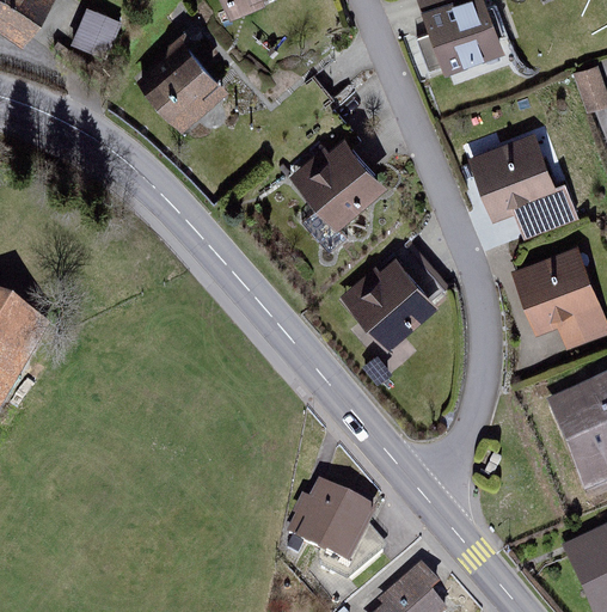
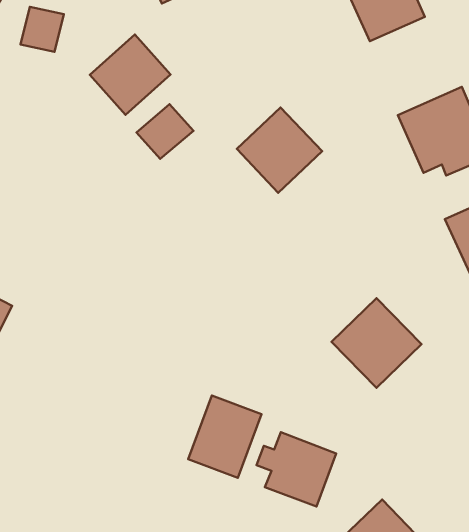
building: none -> [136,104,193,159]
building: [341,255,436,350] -> [332,298,421,388]
building: none -> [188,396,262,478]

